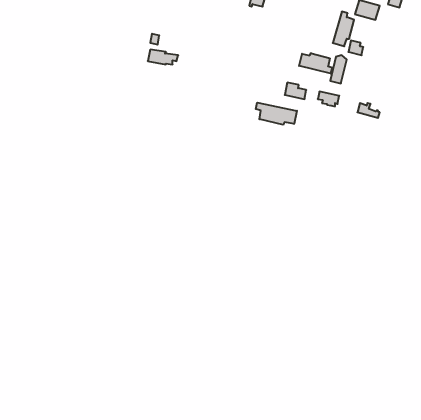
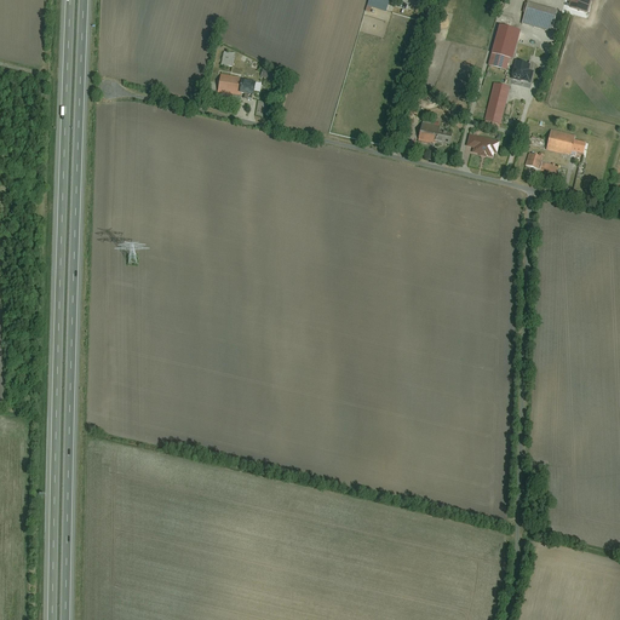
building: [299,53,332,74] -> none
building: none -> [545,128,585,154]
building: [256,103,297,125] -> none

